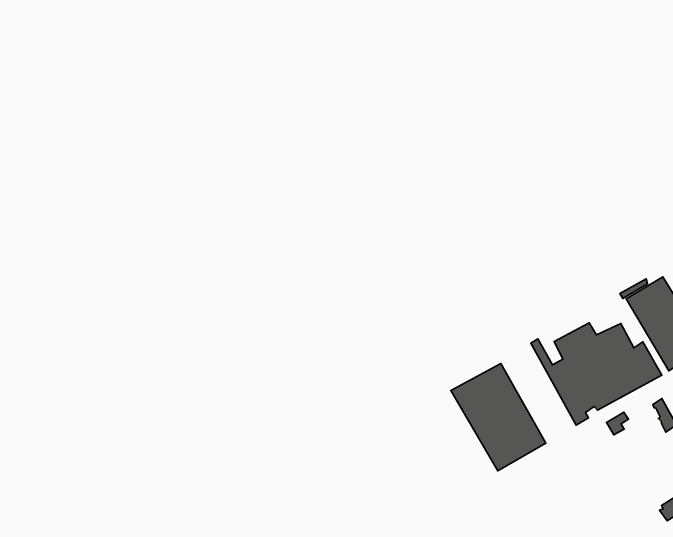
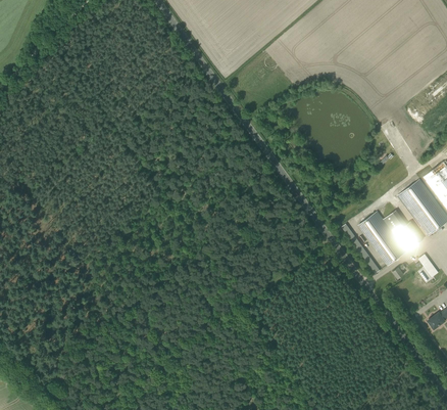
building: [451,364,546,471] -> none

